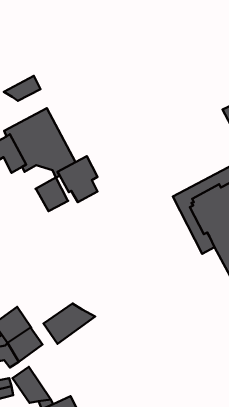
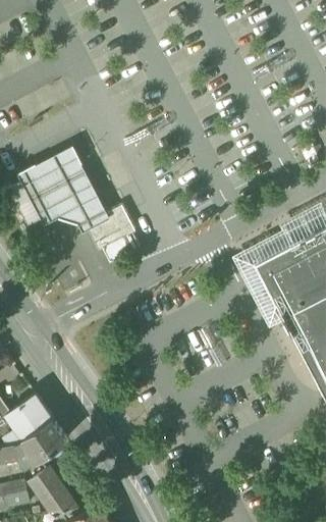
building: [4,76,41,101] -> none
building: [36,178,68,211] -> none
building: [43,304,95,344] -> none

